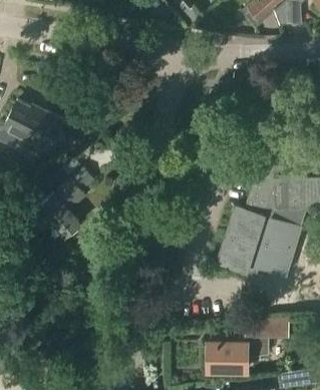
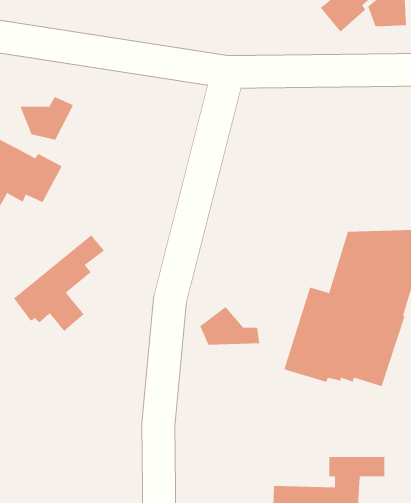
building: none -> [20,96,74,141]
building: none -> [200,306,260,345]

